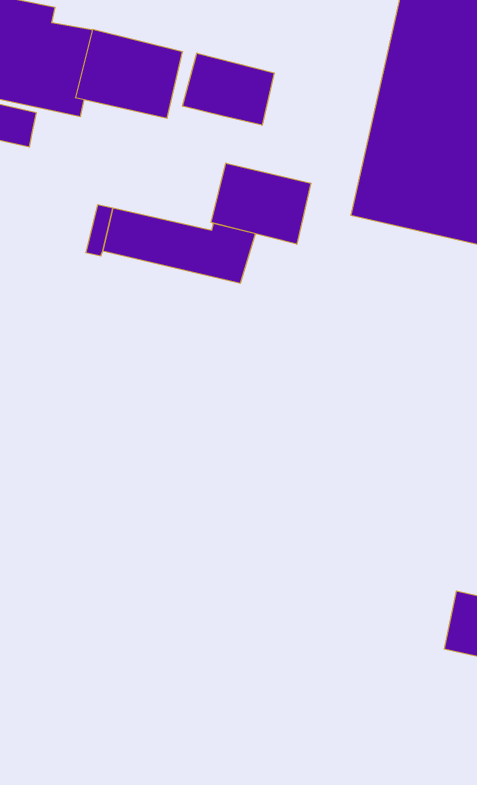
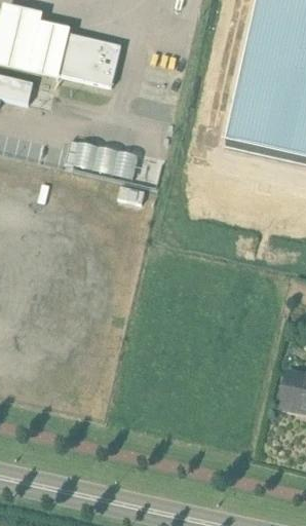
building: [183,53,274,125] -> none
building: [211,163,311,244] -> none

